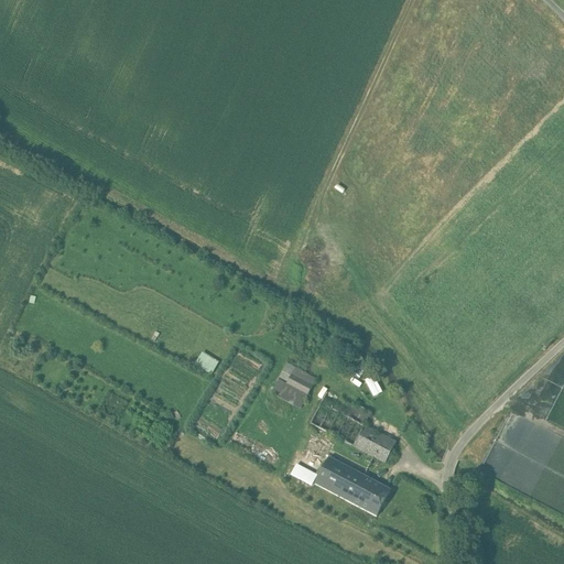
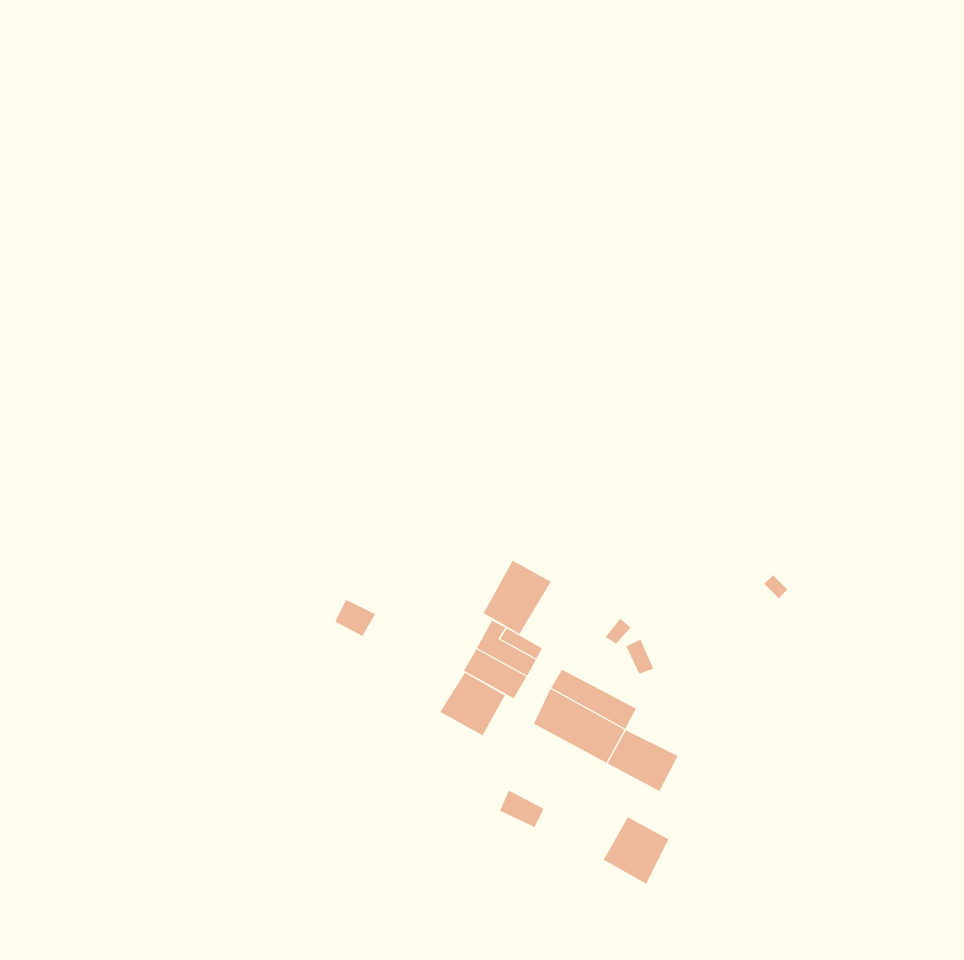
building: none -> [483,560,552,635]
building: none -> [440,672,506,736]
building: [315,456,366,501] -> none

